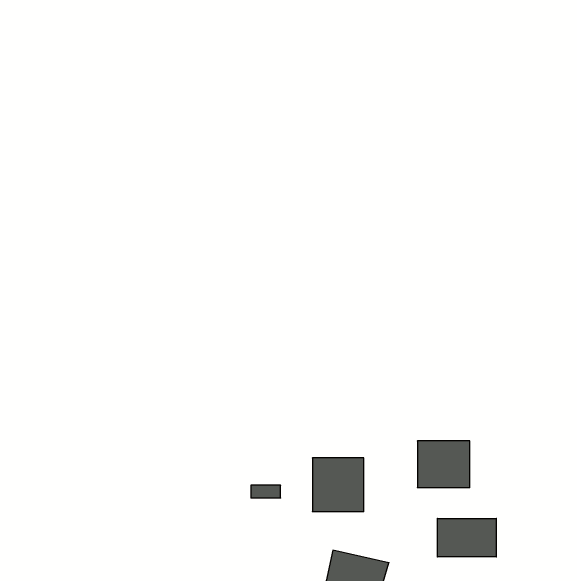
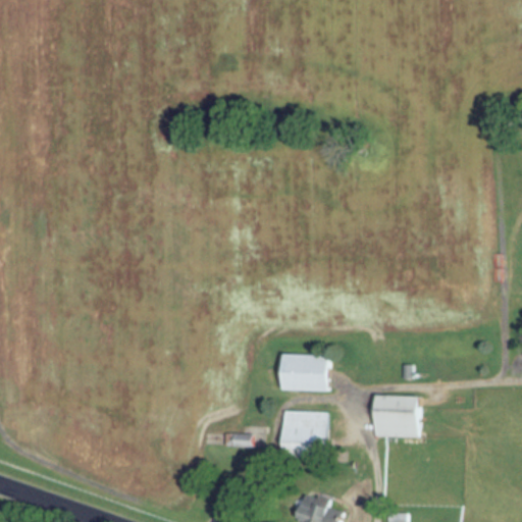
building: none -> [279,354,329,392]
building: [437,518,496,557] -> none

